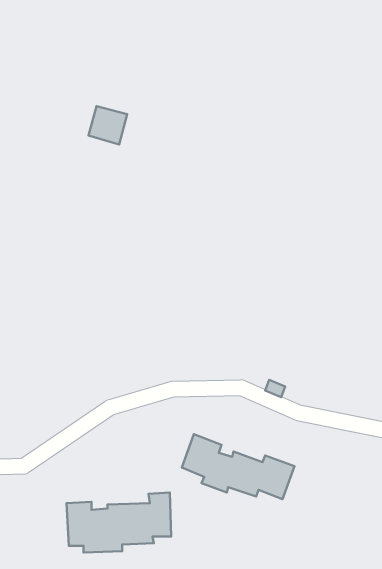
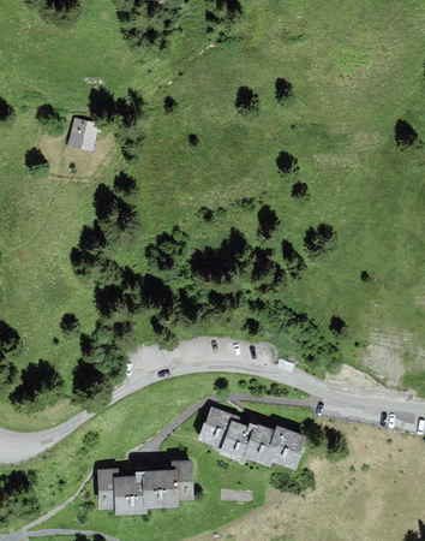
building: [89,106,127,145] -> [67,120,102,155]

